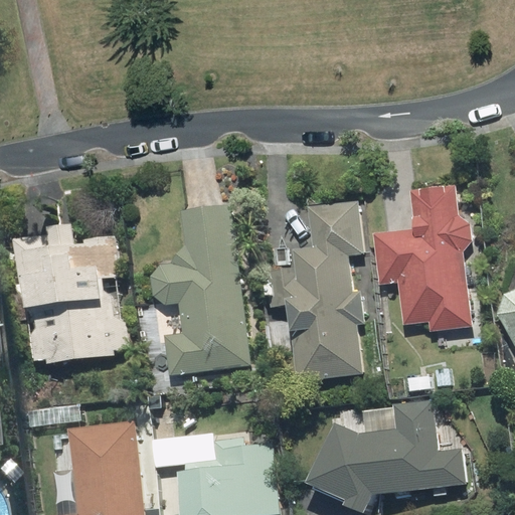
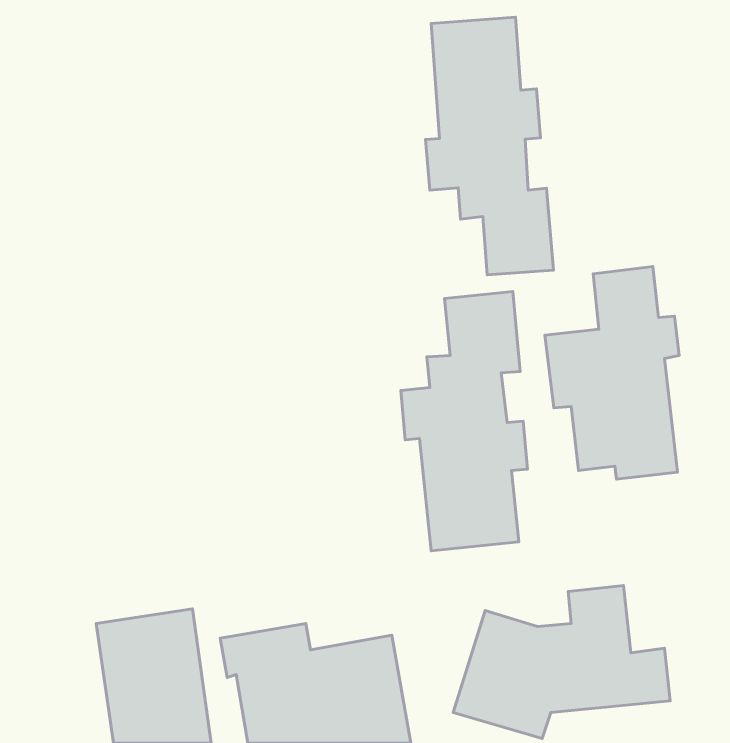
building: none -> [425,17,553,275]
building: [149,205,249,377] -> none
building: [12,223,126,362] -> none

